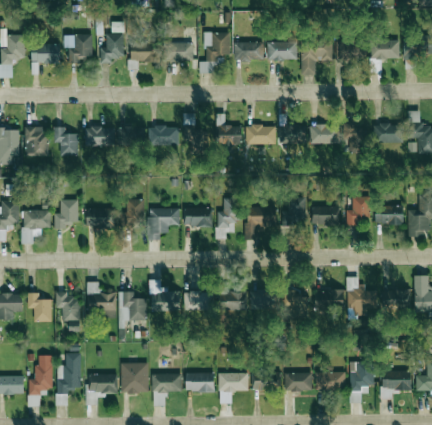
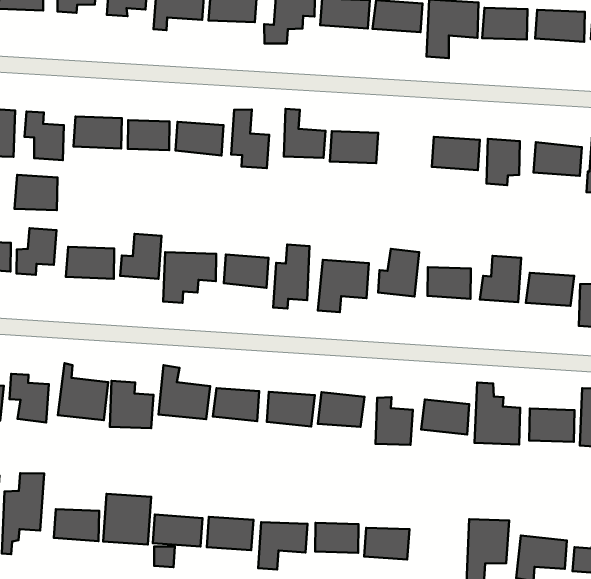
building: [278,125,306,144] -> none
building: none -> [15,175,58,210]
building: [315,372,345,391] -> none

